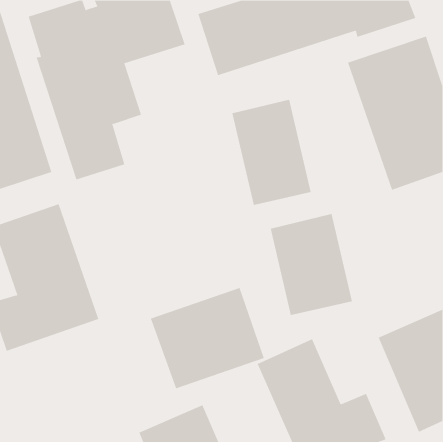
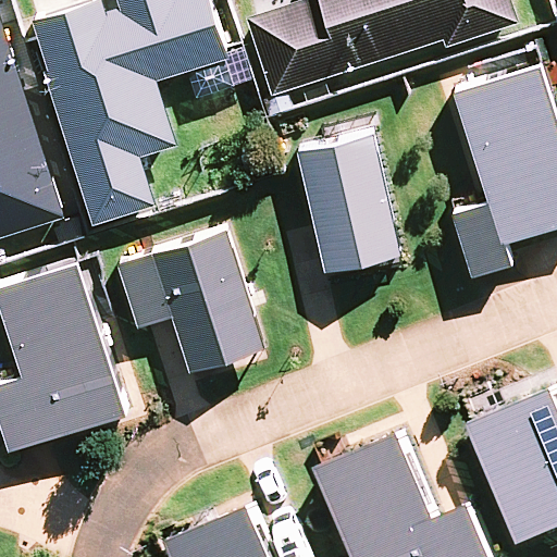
building: none -> [110,223,260,364]
building: [270,213,353,316] -> none
building: [150,287,264,389] -> none

